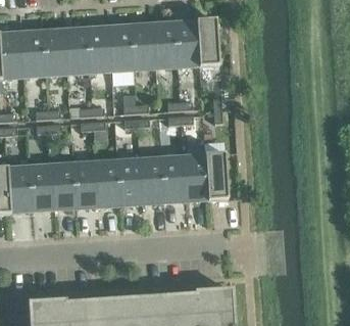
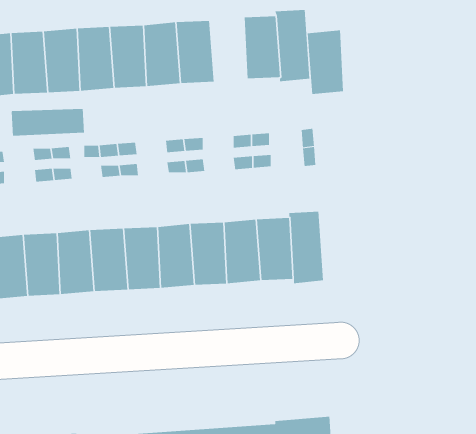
building: [153,22,178,65] -> [307,30,344,95]
building: none -> [11,108,85,137]

